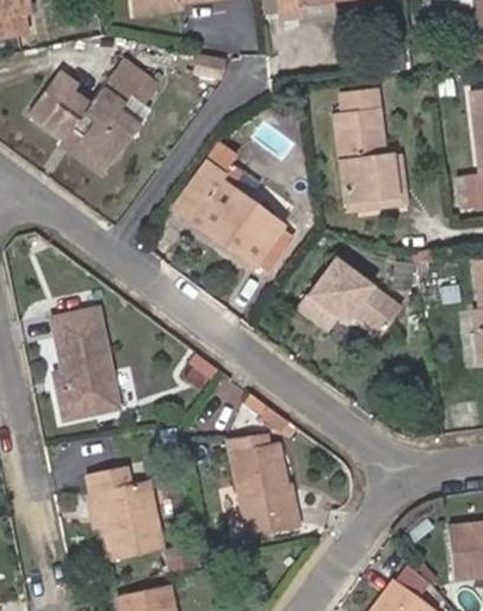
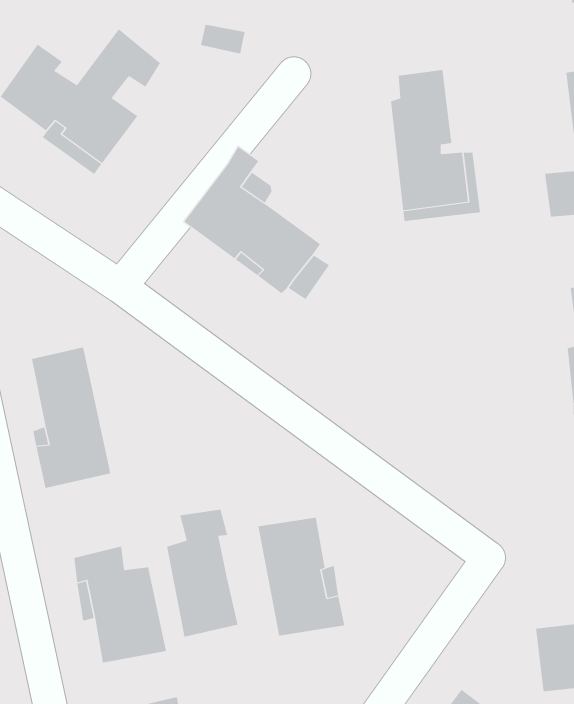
building: [298,255,402,332] -> none
building: none -> [166,509,238,637]

